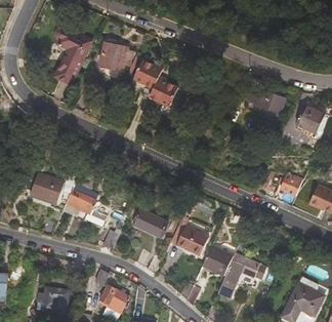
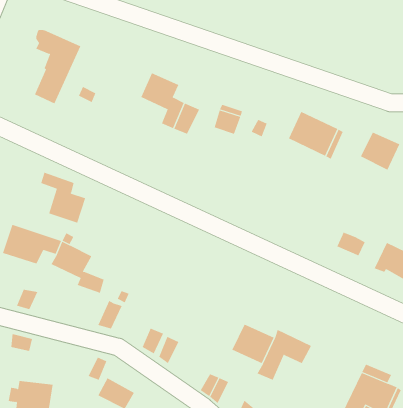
building: [98,40,132,68] -> none
building: none -> [40,172,86,223]
building: [133,205,168,234] -> none
building: [170,218,207,254] -> none

